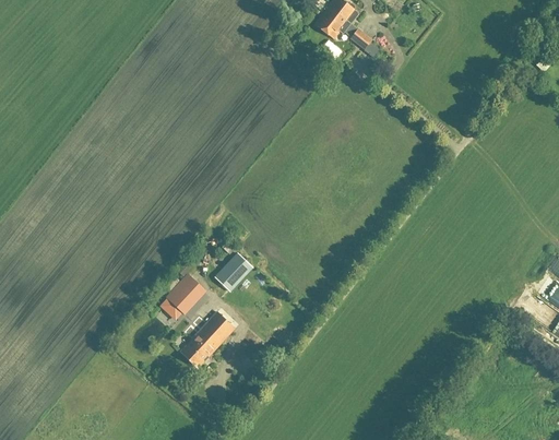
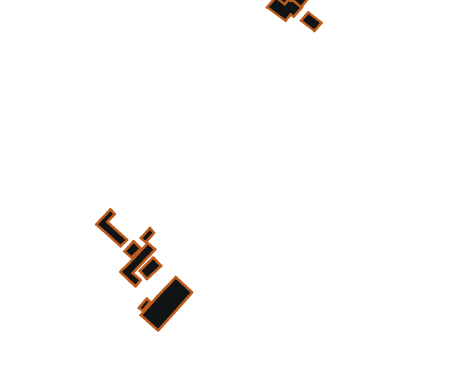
building: none -> [96,209,127,246]
building: [215,252,253,292] -> none

